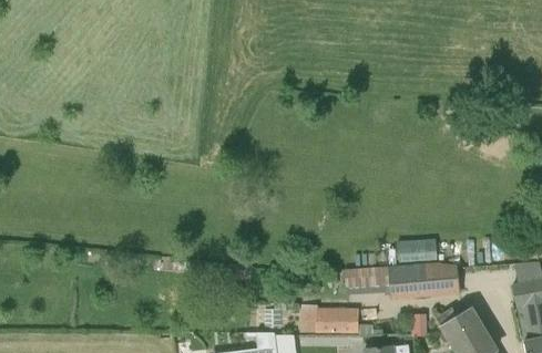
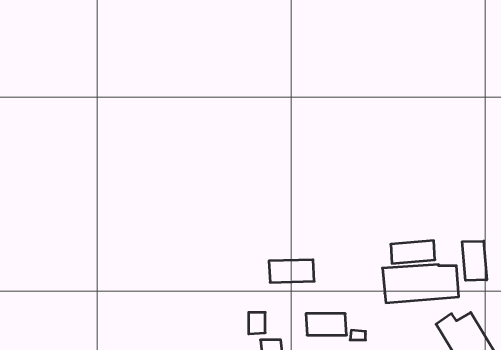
building: none -> [462,241,487,280]
building: [347,263,389,284] -> [269,260,314,282]

